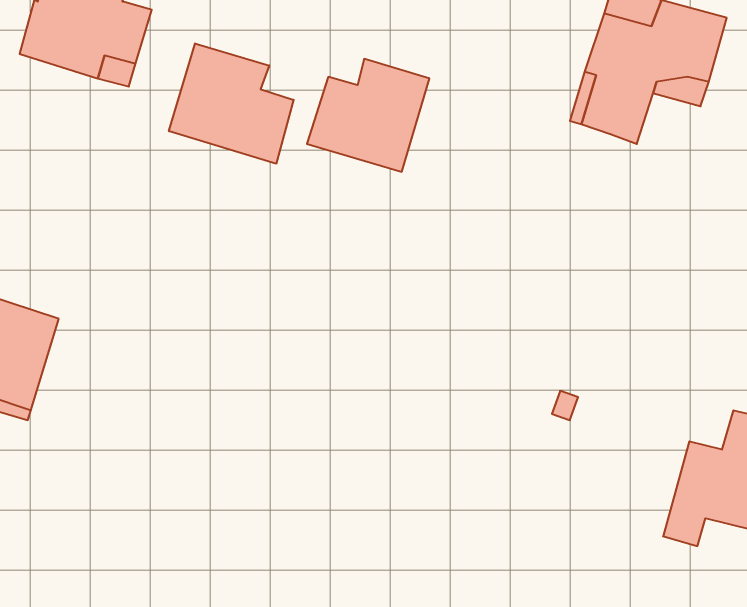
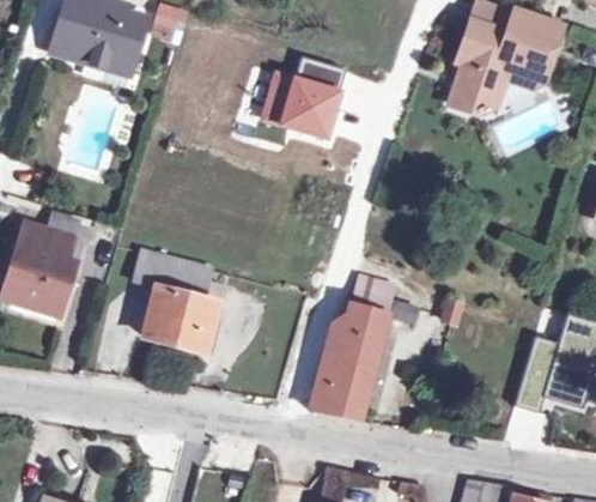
building: [169,43,294,164] -> none
building: none -> [138,250,218,351]
building: none -> [310,276,412,419]

